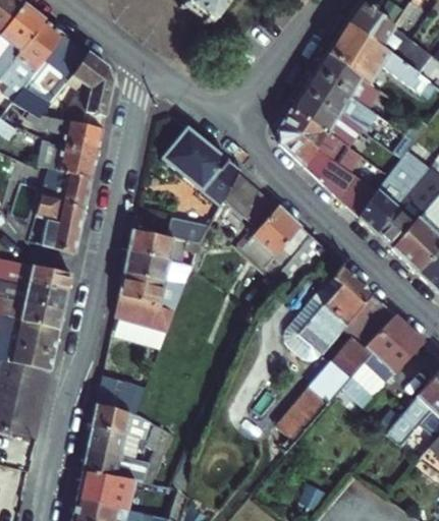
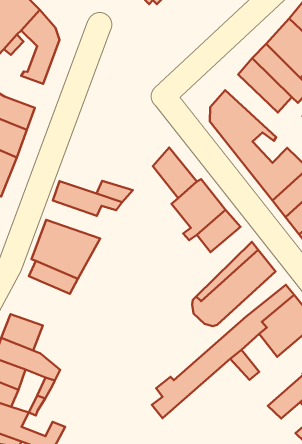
building: [291,89,361,149] -> none
building: [60,123,99,156] -> none
building: [170,130,243,204] -> none
building: [123,250,193,283] -> none

